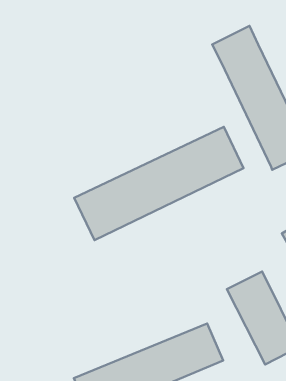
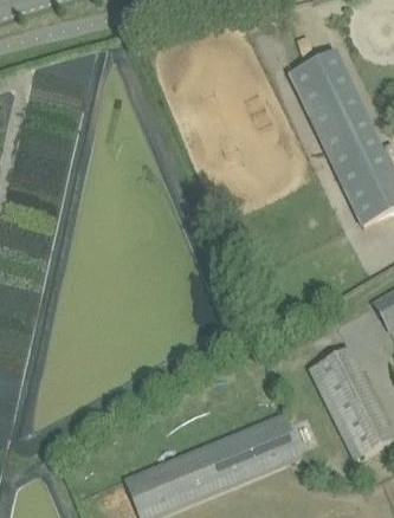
building: [74,127,244,240] -> none

